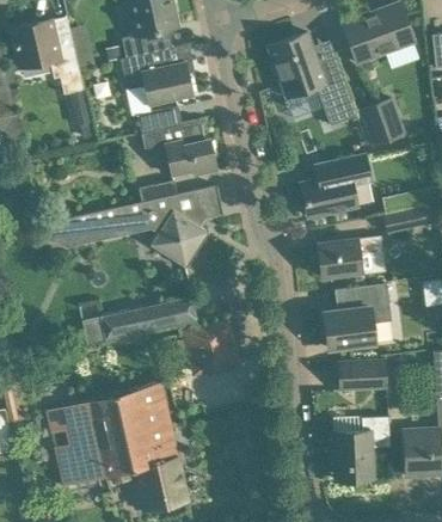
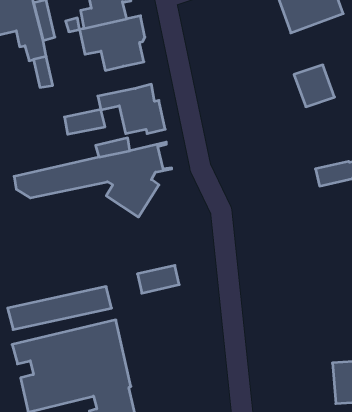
building: [268,32,357,125] -> none
building: [137,106,183,134] -> [64,110,105,134]
building: [301,153,372,217] -> none
building: [317,237,382,277] -> none
building: [323,283,392,349] -> none
building: [81,296,197,344] -> [8,287,112,330]
building: [339,361,387,389] -> none
building: [333,417,389,480] -> none

